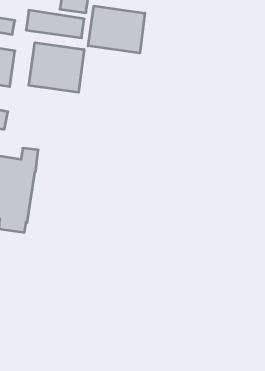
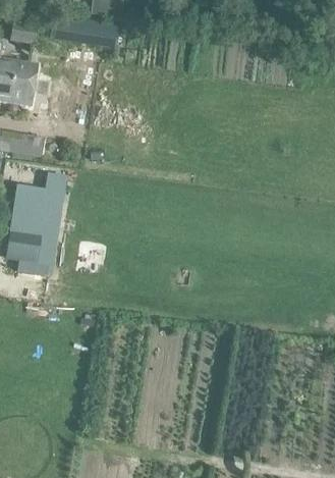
building: [88,6,145,53] -> none
building: [29,43,84,92] -> none

